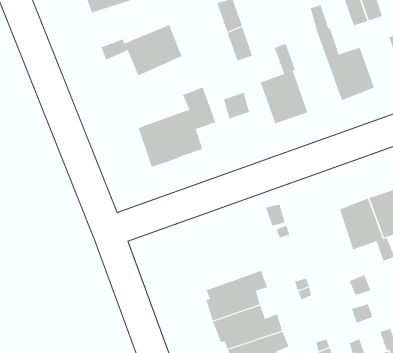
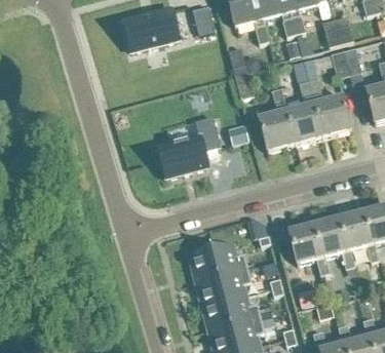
building: [101,24,182,76] -> none
building: none -> [286,80,323,144]
building: none -> [288,224,331,275]
building: none -> [191,244,247,280]

